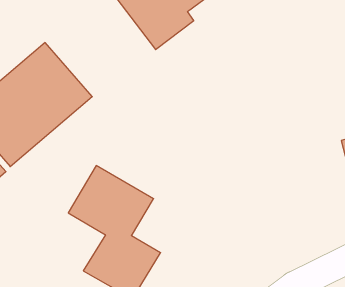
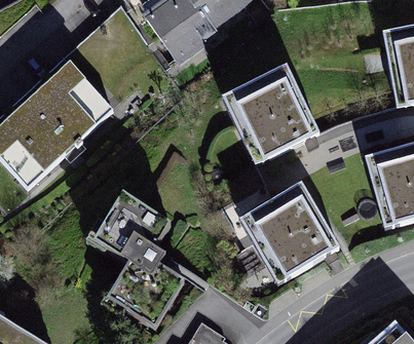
building: none -> [228,75,314,161]
building: none -> [244,195,332,283]

